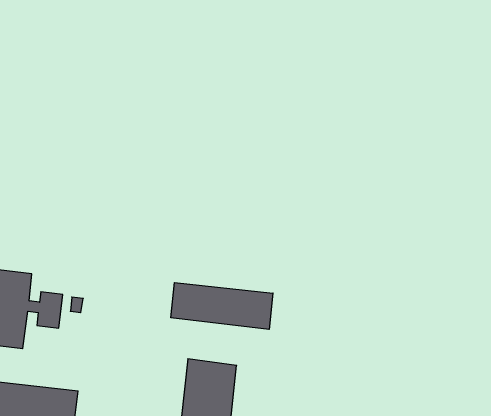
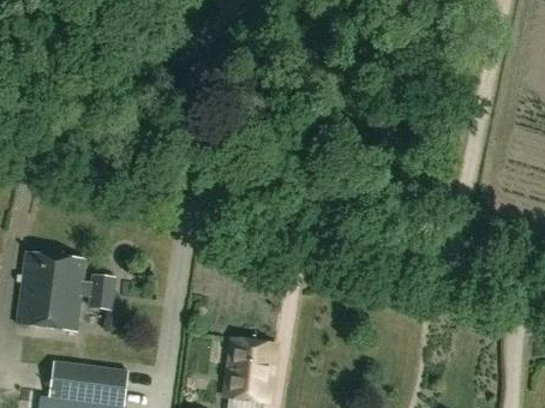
building: [171,283,273,329] -> none

